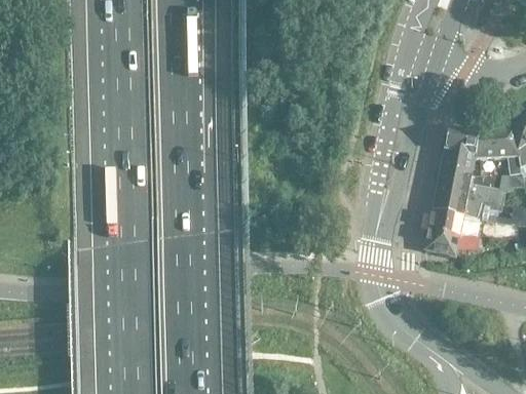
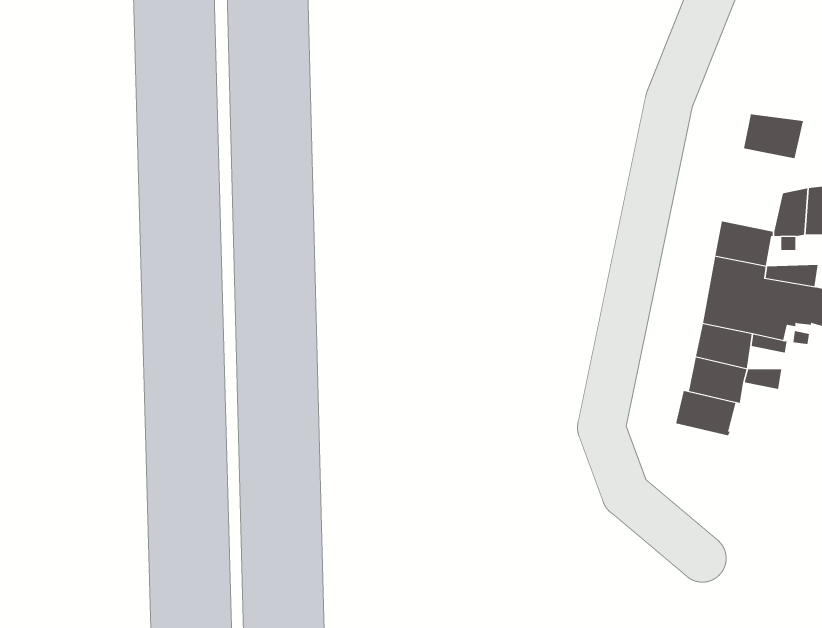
building: [446,129,482,156] -> [743,114,804,159]
building: none -> [676,390,736,436]

